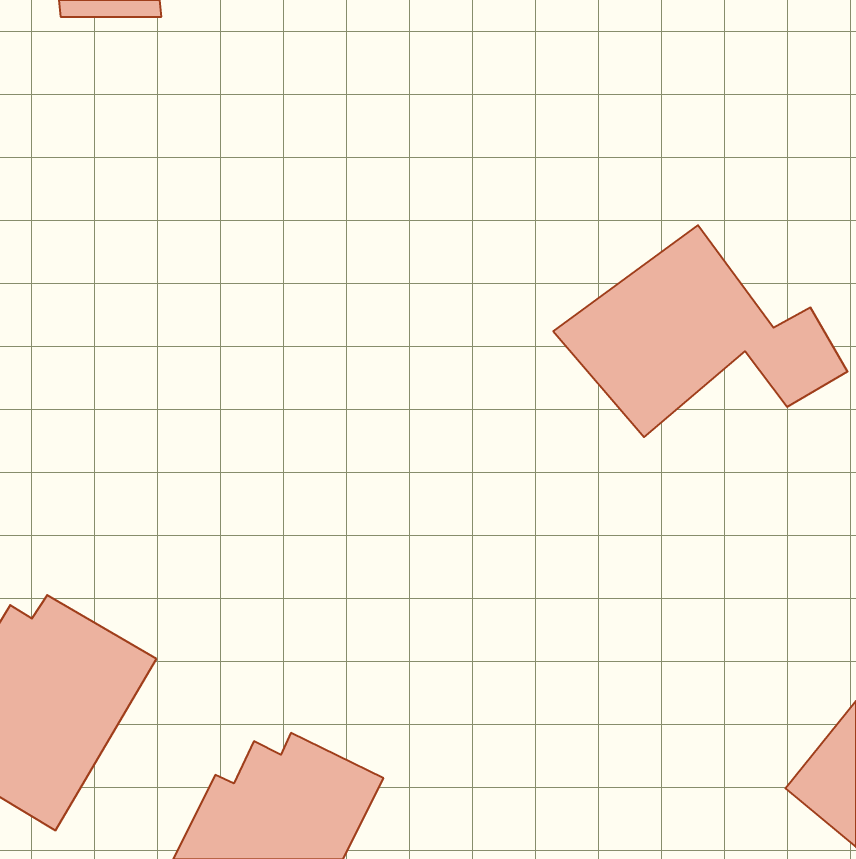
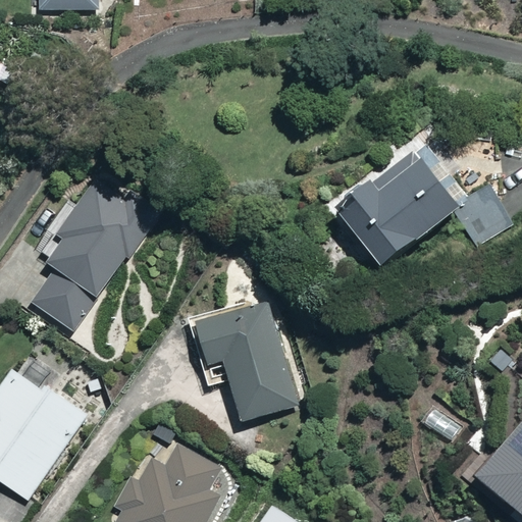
building: none -> [30,179,161,332]
building: none -> [193,299,298,423]

